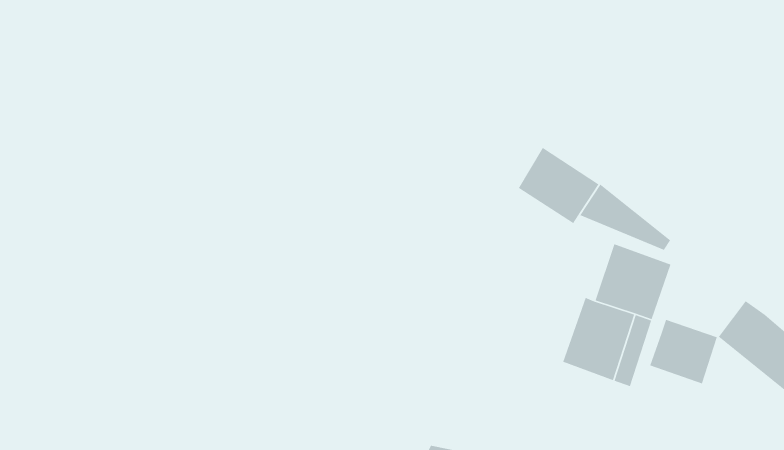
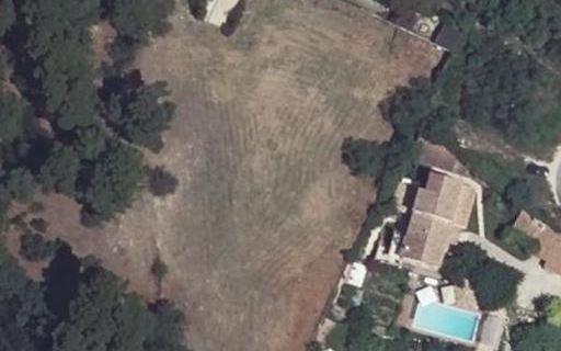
building: [518,147,600,224] -> none
building: [649,319,718,385] -> none

